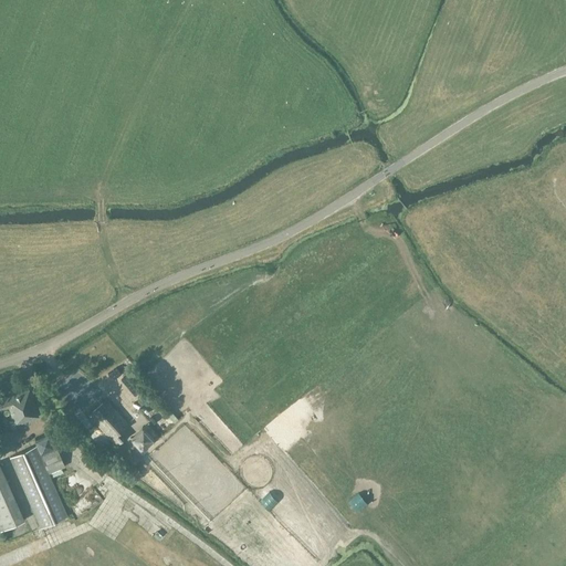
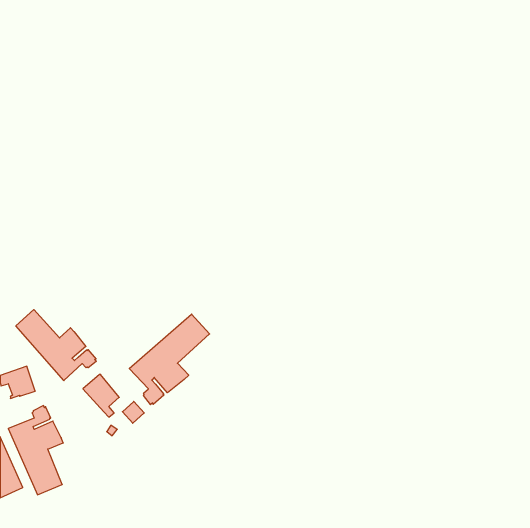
building: none -> [16,310,96,381]
building: none -> [129,314,210,405]

